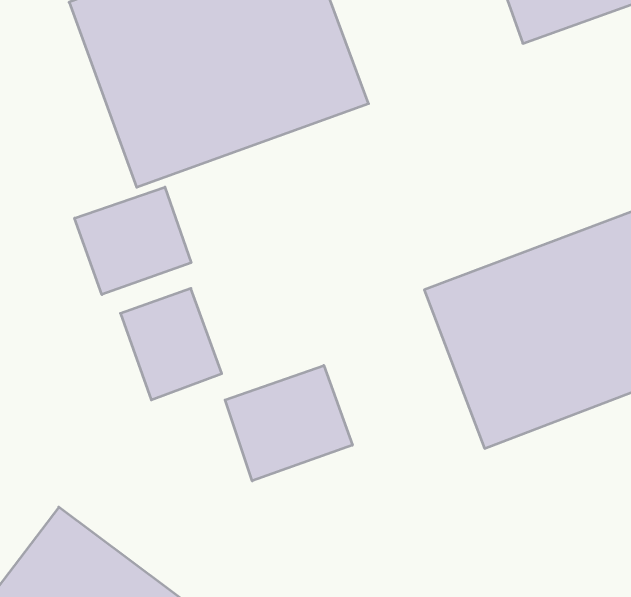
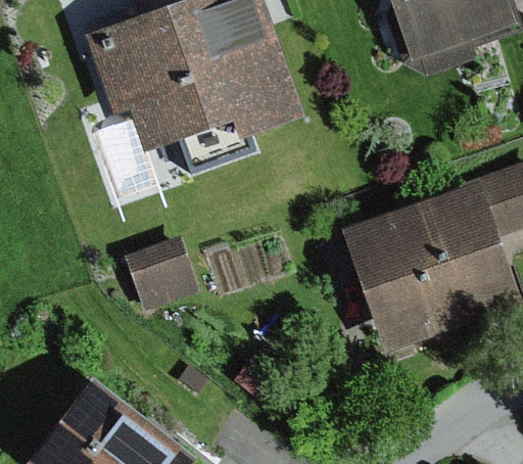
building: [75,187,191,295] -> none
building: [225,365,352,481] -> none

